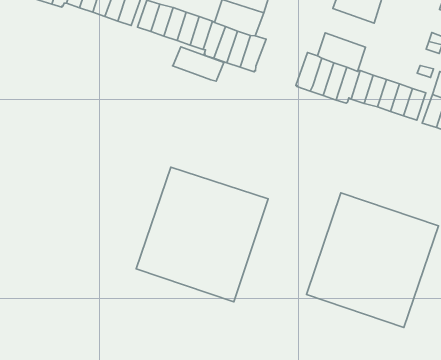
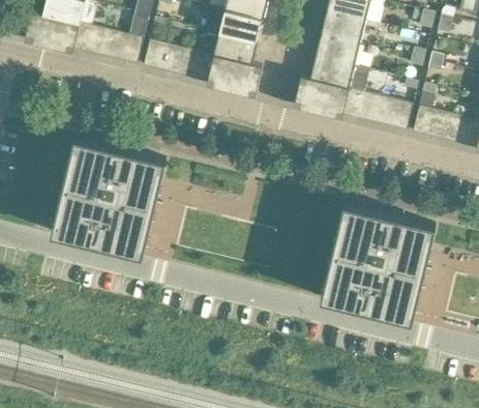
building: none -> [316,33,360,66]
building: [173,47,224,81] -> none
building: [136,167,268,302] -> [50,137,166,256]

